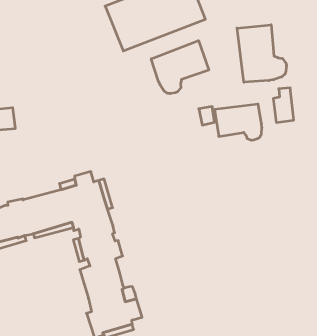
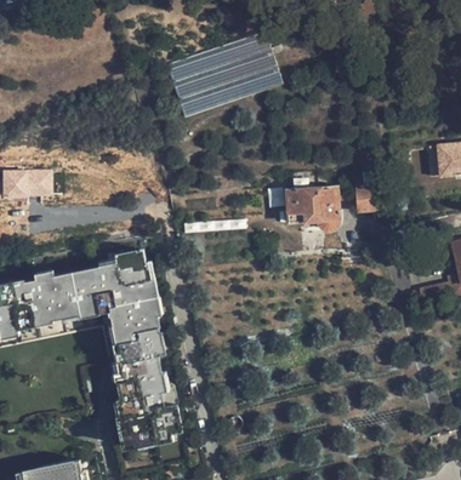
building: [237,25,286,82] -> none
building: [151,41,209,94] -> none

